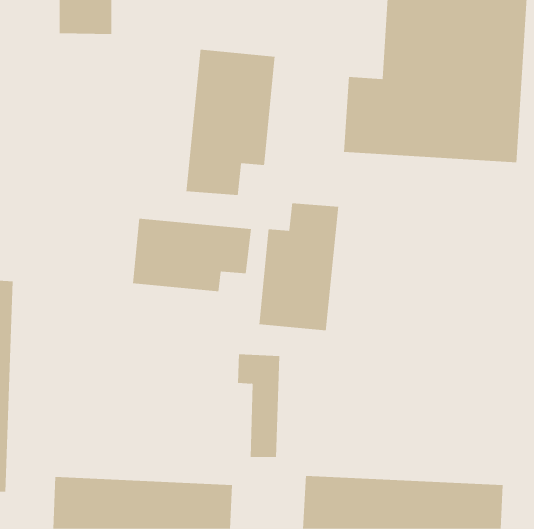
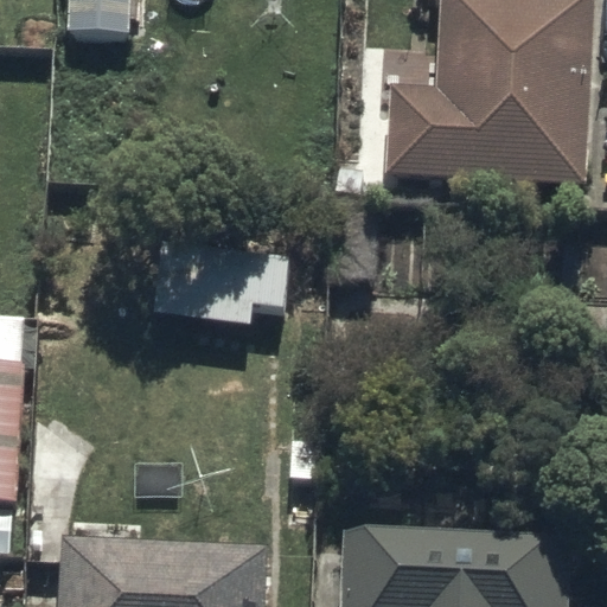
building: [186,49,275,196] -> none
building: [259,202,339,331] -> none

